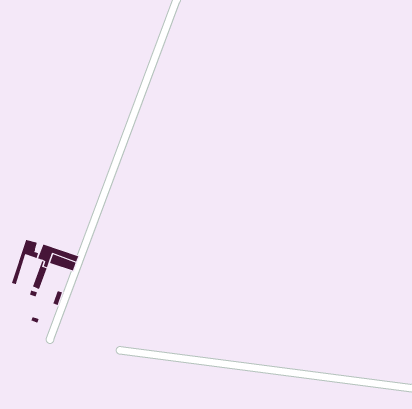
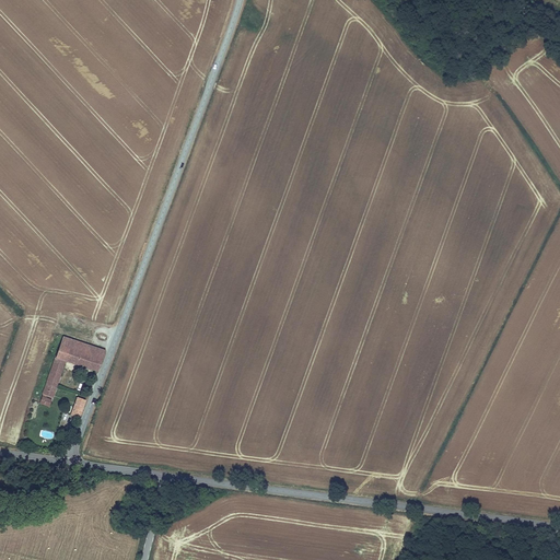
building: [11,239,39,285] -> none

